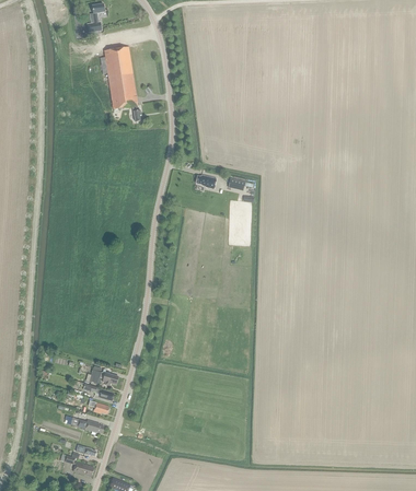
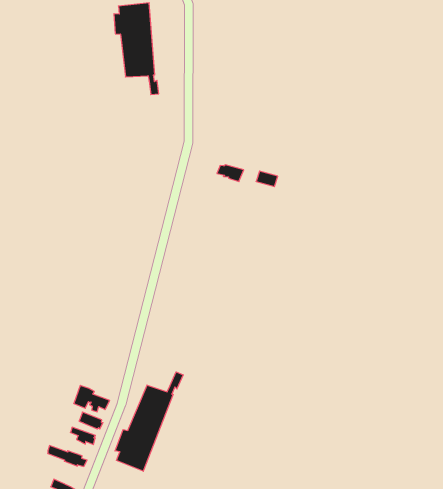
building: none -> [115,372,183,471]

